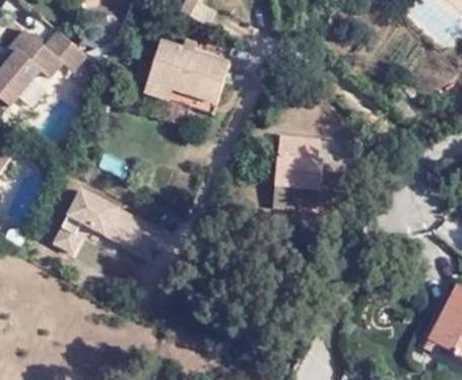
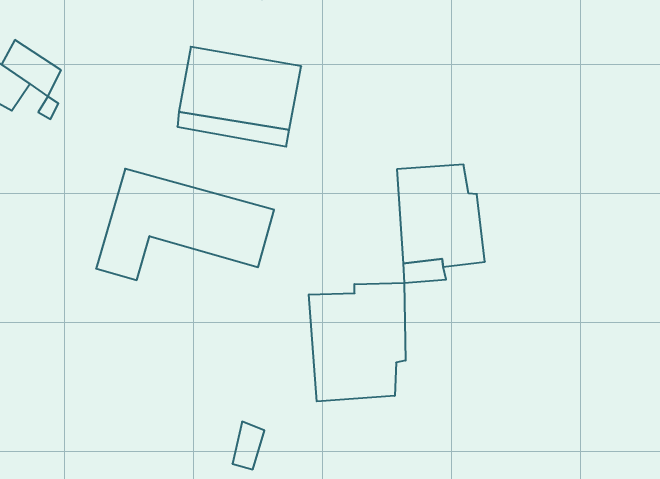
building: [50,185,164,256] -> [96,169,274,280]
building: none -> [309,283,406,401]

